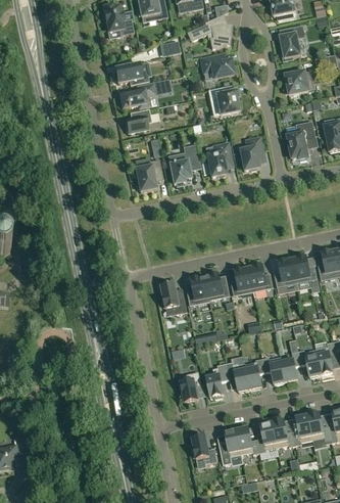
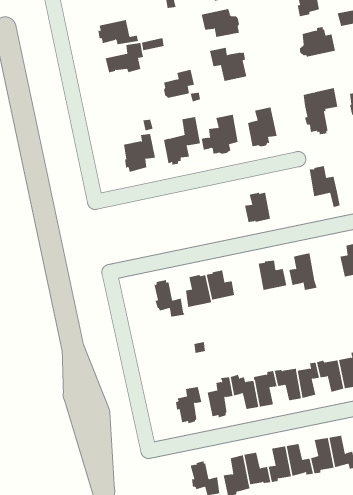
building: [126,108,152,133] -> [163,69,195,98]
building: [293,257,320,292] -> [309,165,340,208]
building: [231,269,253,294] -> [244,192,271,223]

